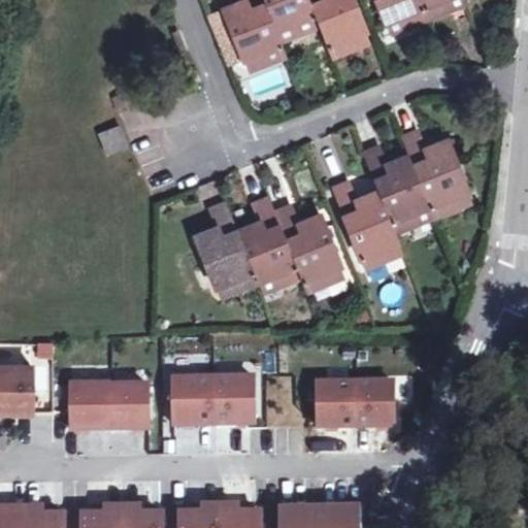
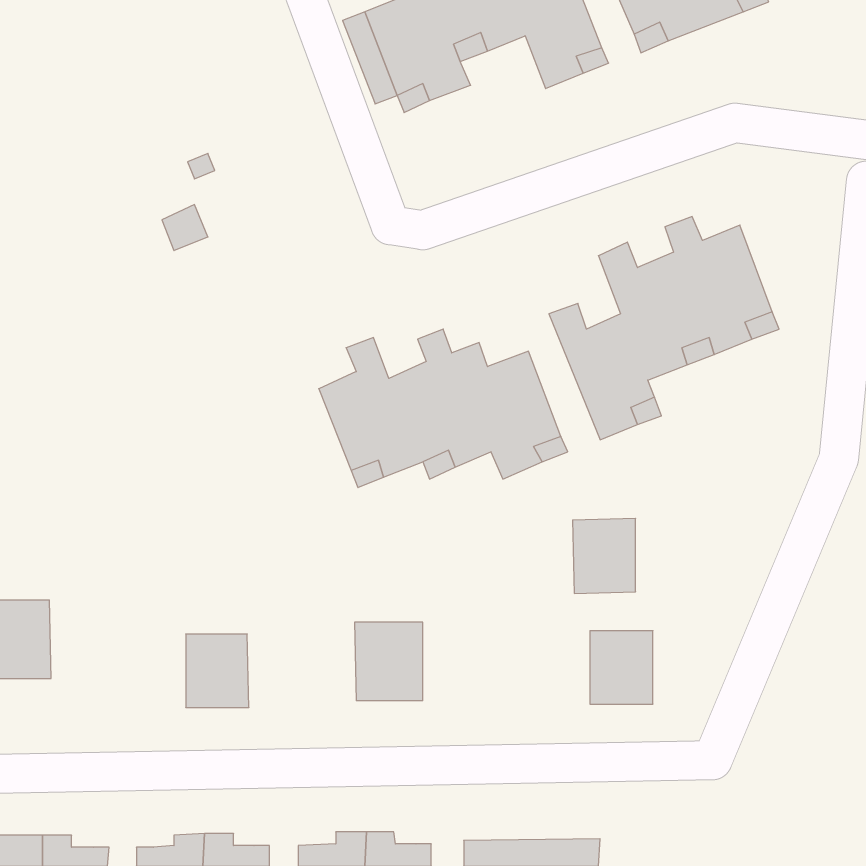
building: [174,376,216,424] -> none
building: [319,382,357,427] -> [573,518,636,593]
building: [72,383,112,429] -> none

